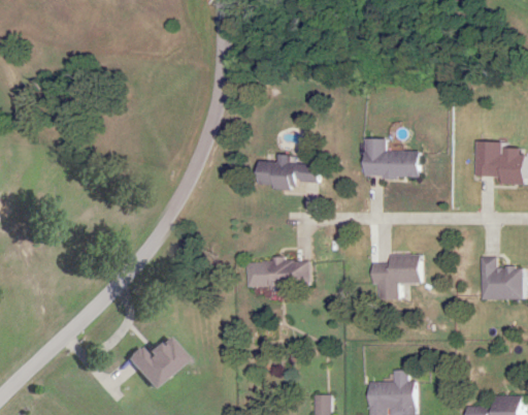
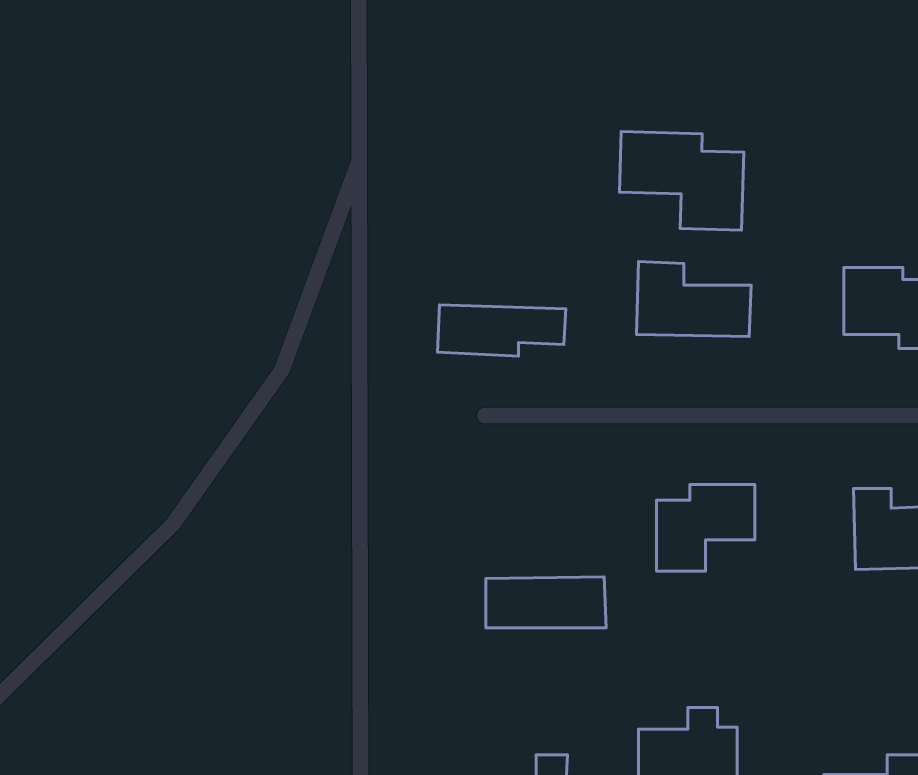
building: none -> [620,132,744,230]
building: [251,259,314,286] -> [486,577,606,628]
building: [123,337,185,389] -> none

